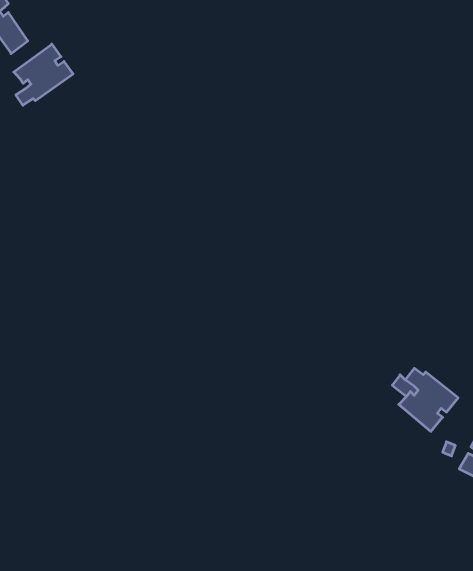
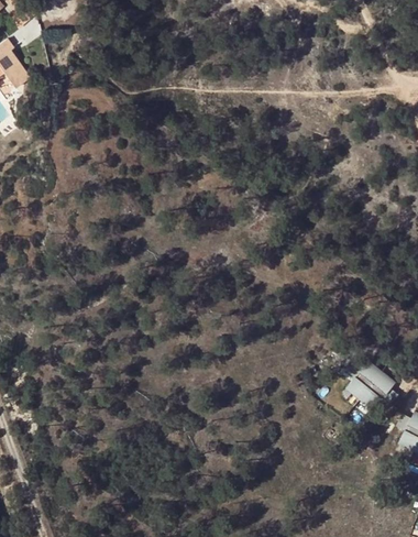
building: [14,44,73,105] -> none

